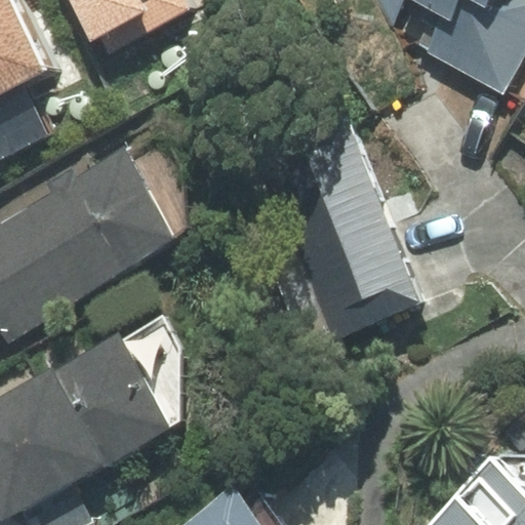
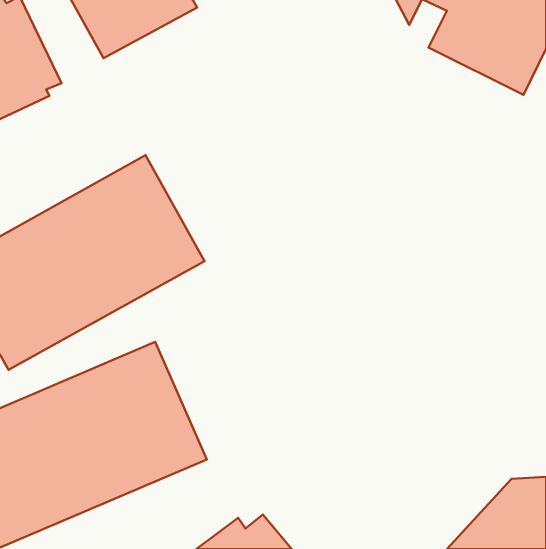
building: [258,111,418,333] -> none

